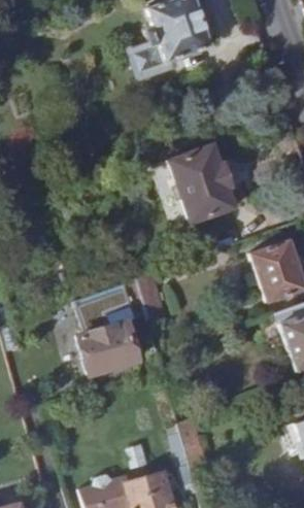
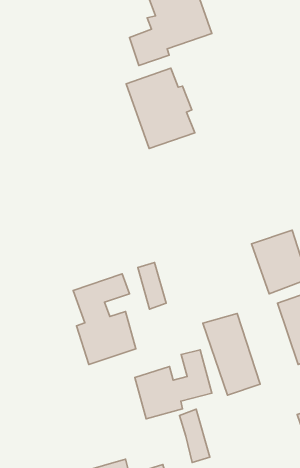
building: [172,143,240,223] -> [126,68,195,148]
building: none -> [203,313,260,395]
building: none -> [135,350,212,419]

